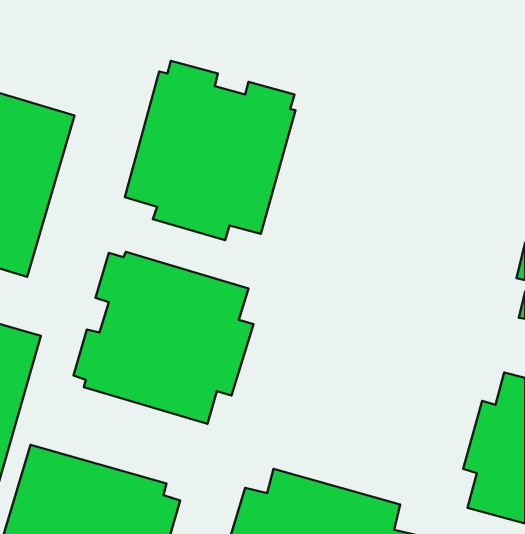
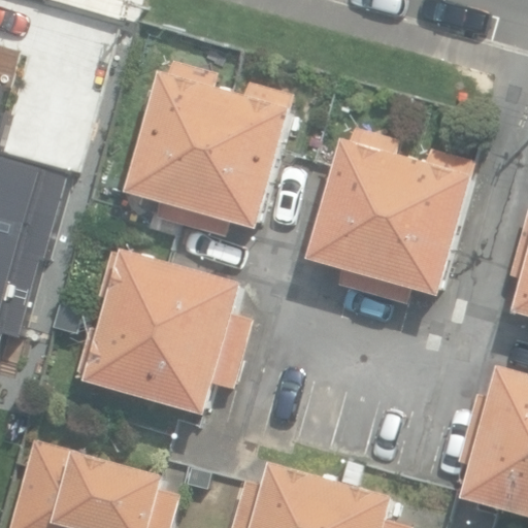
building: none -> [304,129,473,305]

